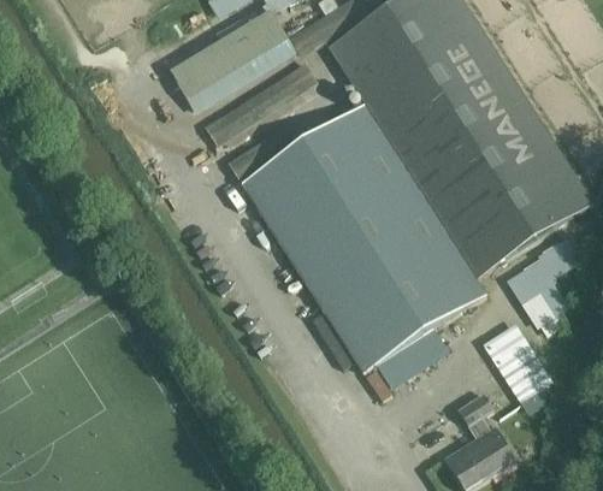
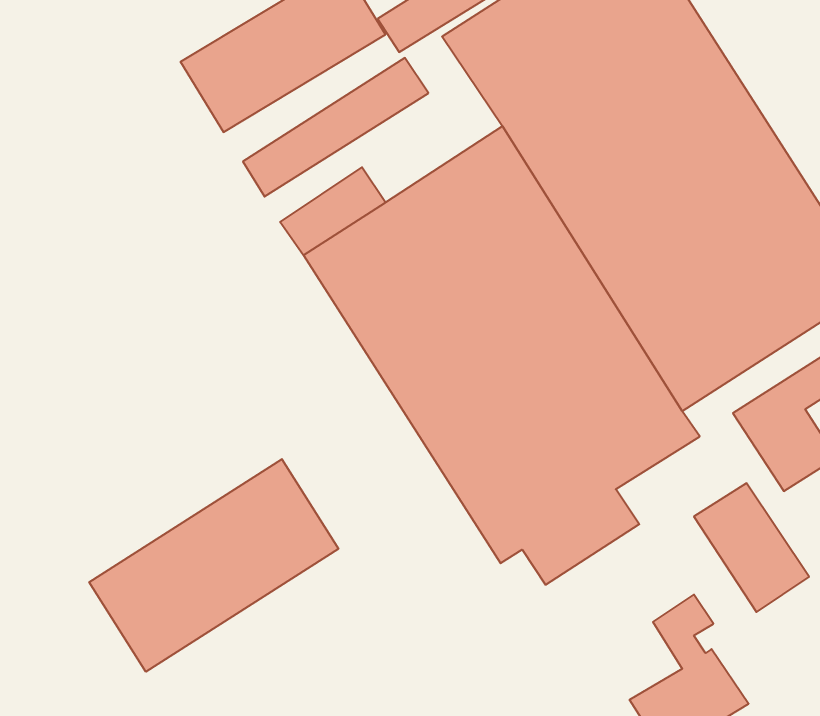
building: none -> [89,459,338,672]

